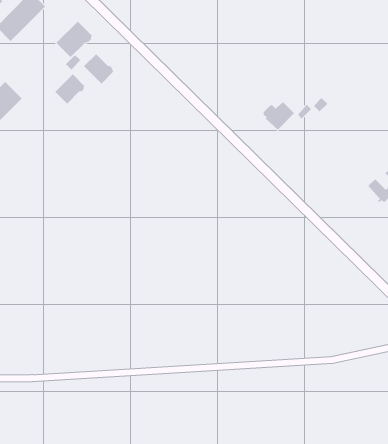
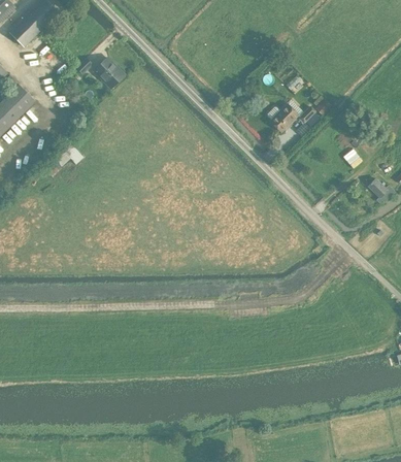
building: [56,21,93,58] -> none
building: [55,74,85,104] -> none

